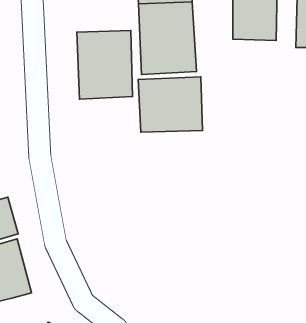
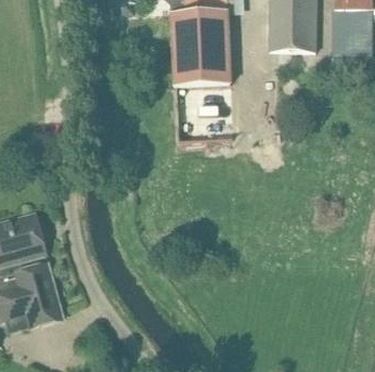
building: [77,31,133,99] -> none
building: [138,77,203,132] -> none

